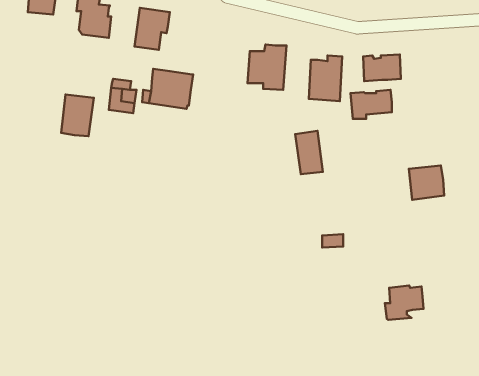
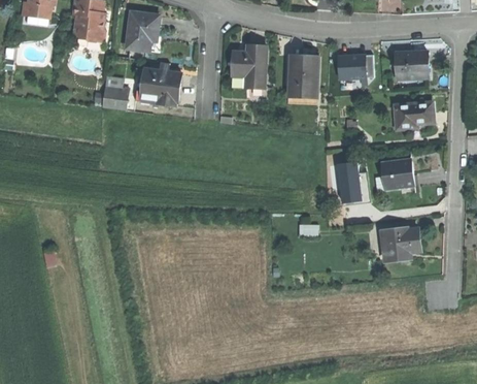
building: none -> [396,53,428,78]
building: [351,90,392,119] -> [395,102,433,129]
building: [61,95,94,136] -> none
building: [295,131,323,174] -> [336,161,362,201]
building: [385,285,424,320] -> [383,228,419,260]

